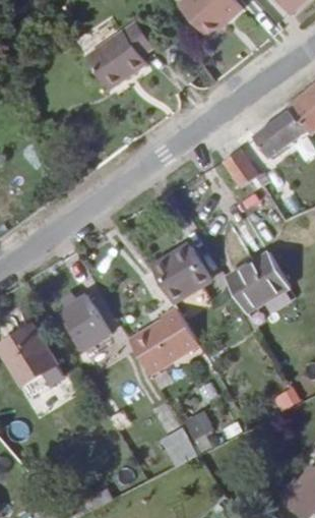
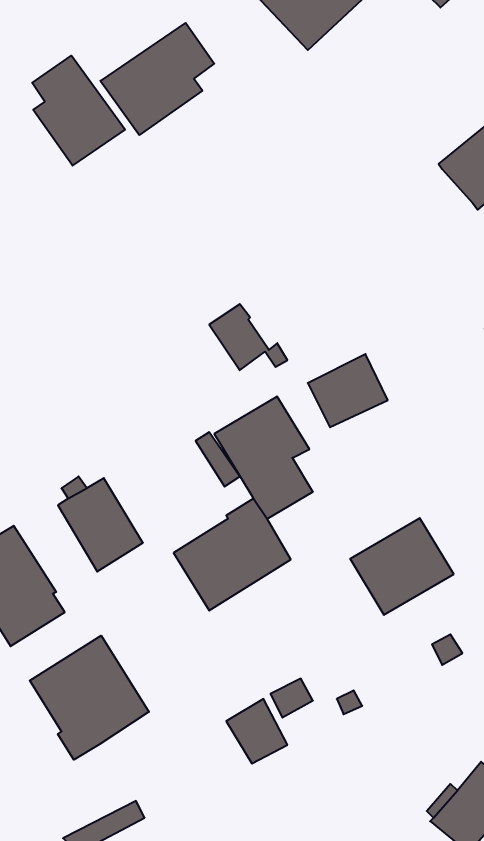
building: none -> [32,56,125,166]
building: [254,110,308,158] -> none
building: [223,149,269,188] -> [209,304,287,370]
building: [227,253,289,311] -> [350,518,454,615]
building: none -> [30,636,149,760]

